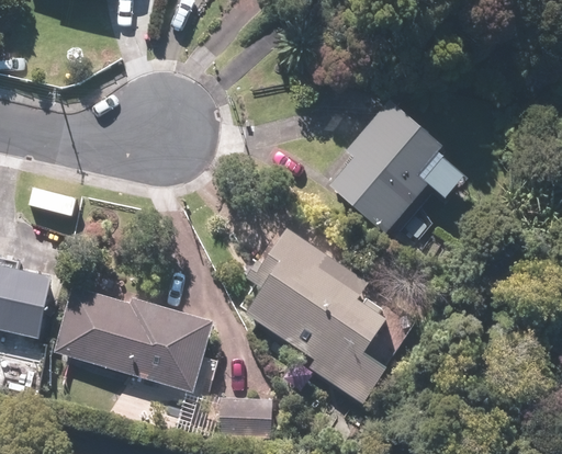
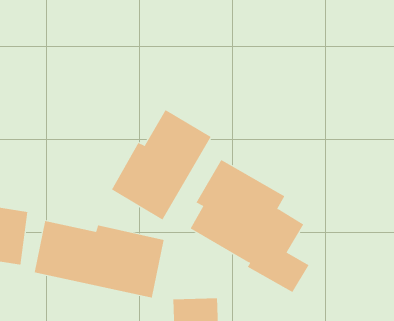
building: [333,102,467,231] -> none
building: none -> [111,109,211,220]

